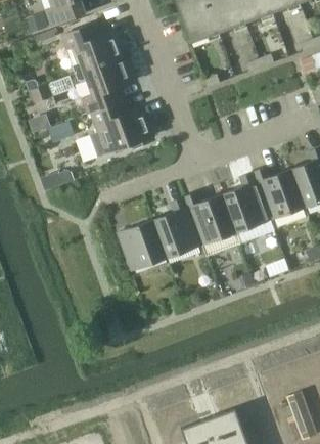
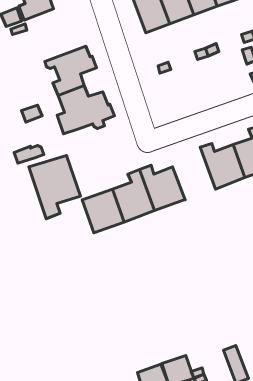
building: [62,25,123,74] -> none
building: [222,172,275,245] -> none
building: none -> [29,156,81,219]

